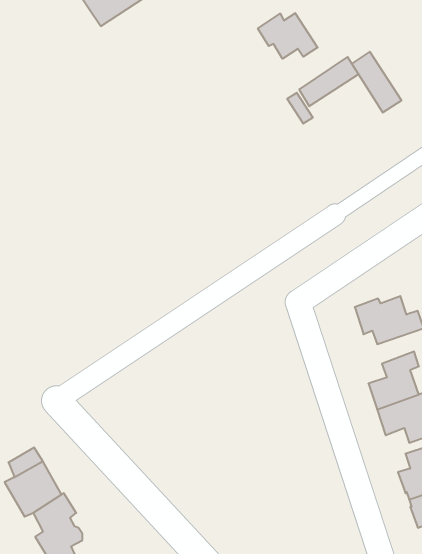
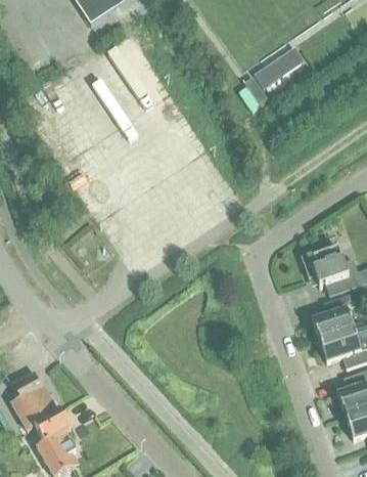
building: [258,13,318,59] -> none
building: [352,52,401,113] -> none

